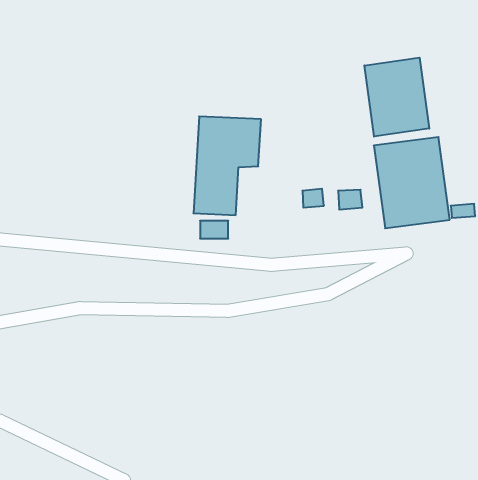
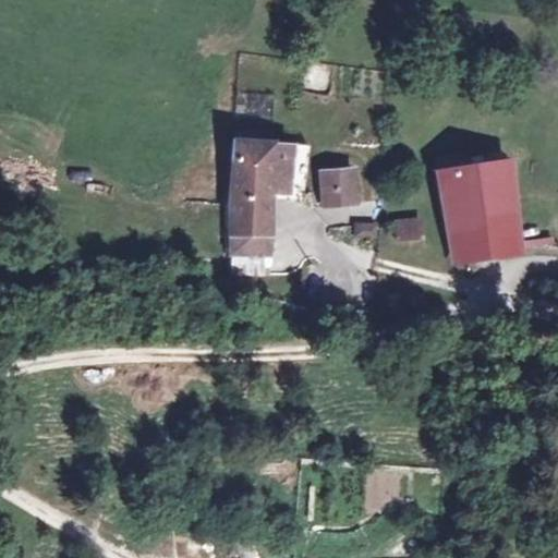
building: [364,58,429,137] -> none
building: none -> [319,166,363,213]

